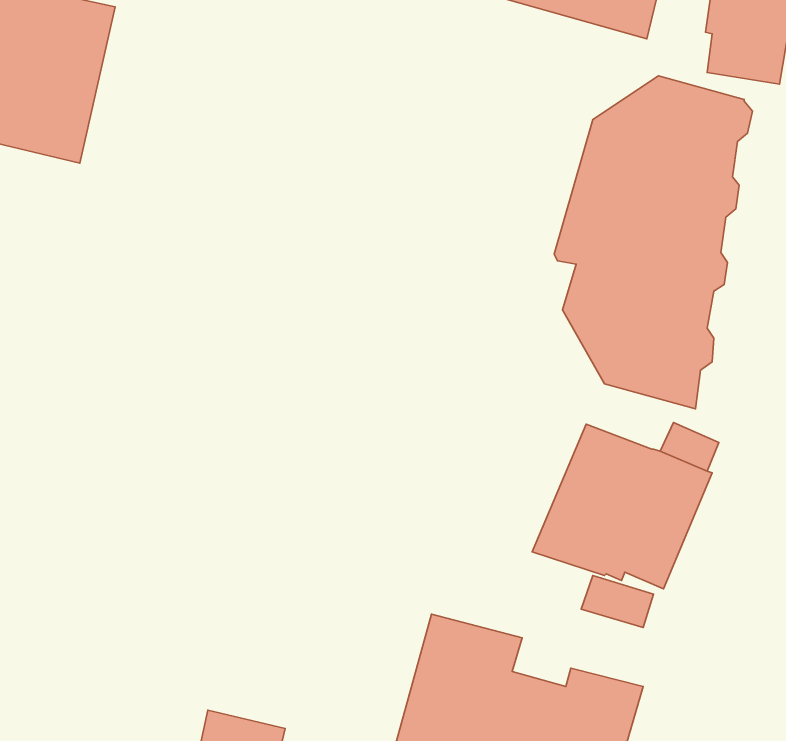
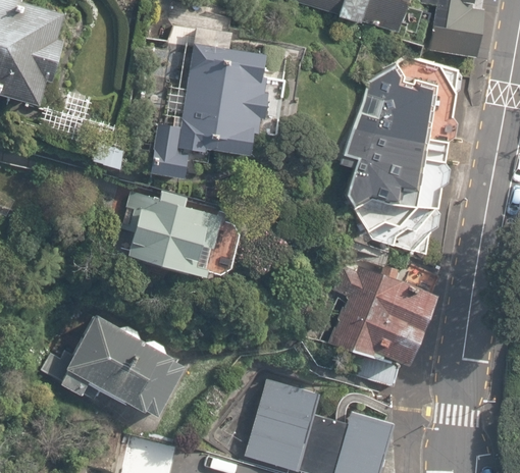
building: none -> [150,43,268,179]
building: none -> [120,190,222,277]
building: none -> [48,315,185,417]

